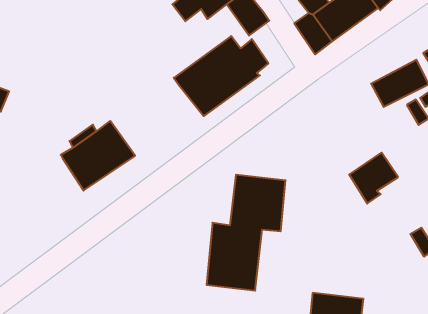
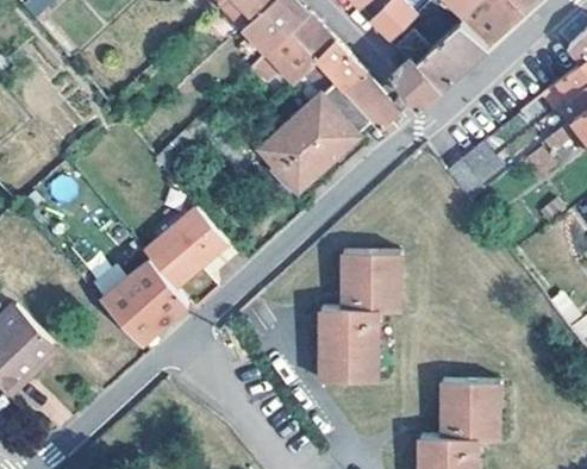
building: none -> [342,74,395,139]
building: [349,153,398,204] -> [445,143,501,202]
building: none -> [100,252,186,344]

